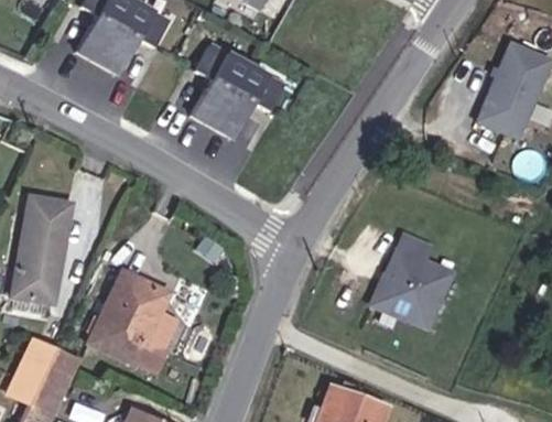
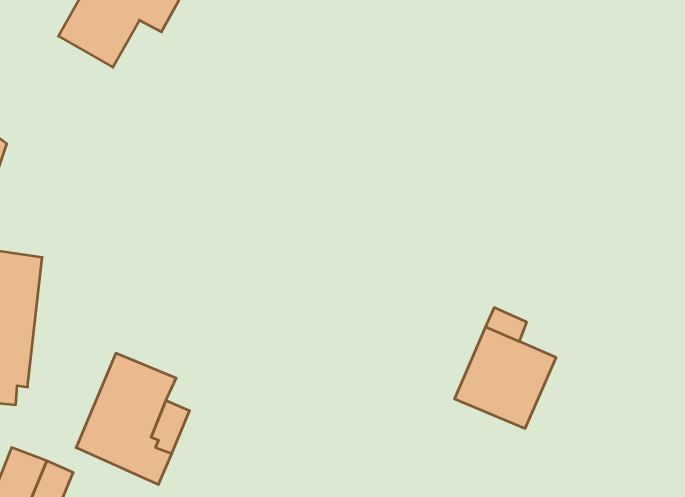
building: [195,30,286,123] -> none
building: [467,48,543,141] -> none

